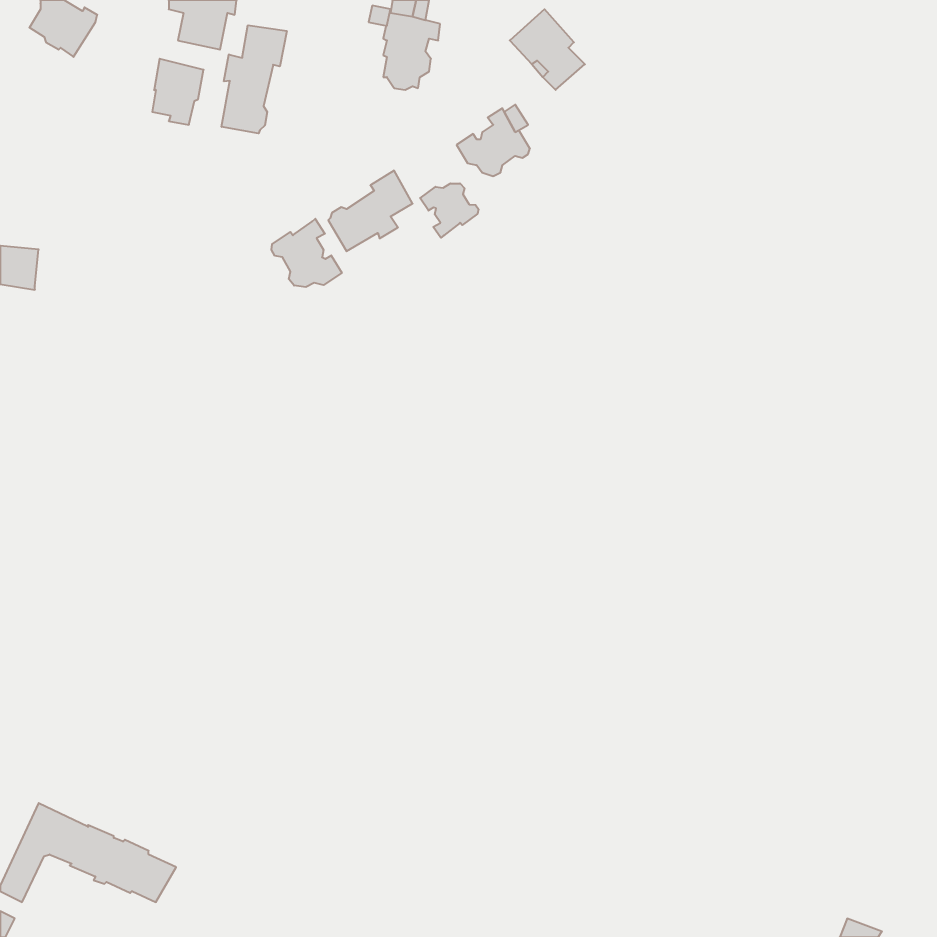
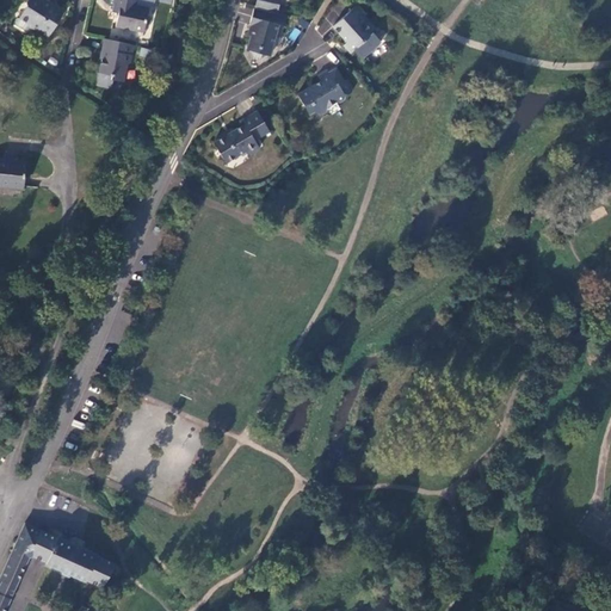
building: [222,25,287,133] -> none
building: [420,183,478,238] -> none
building: [271,219,342,287] -> none

